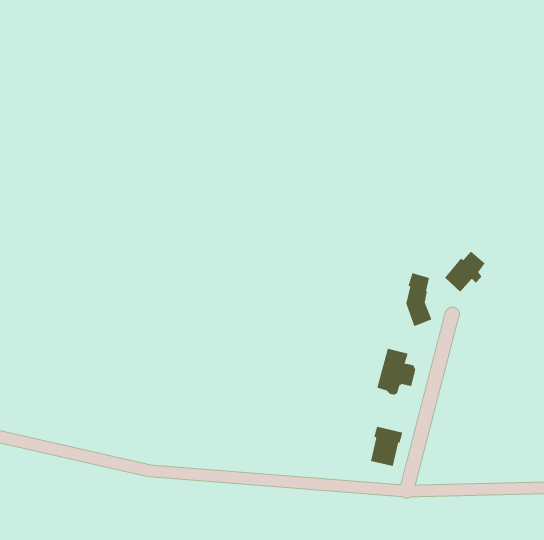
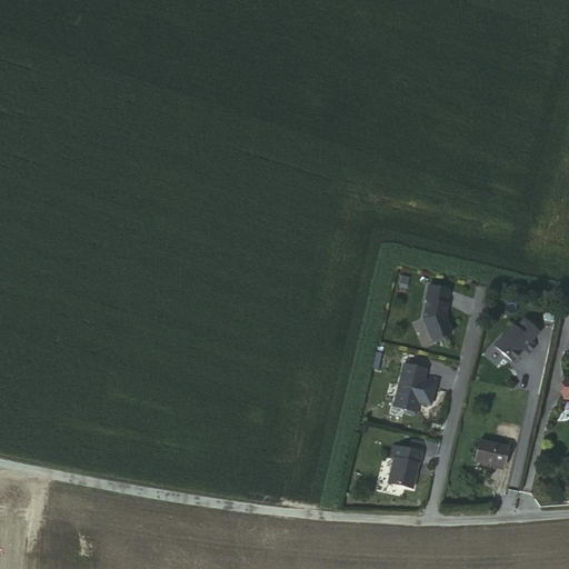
building: [444,251,486,292] -> [496,317,539,360]
building: none -> [476,438,508,463]

